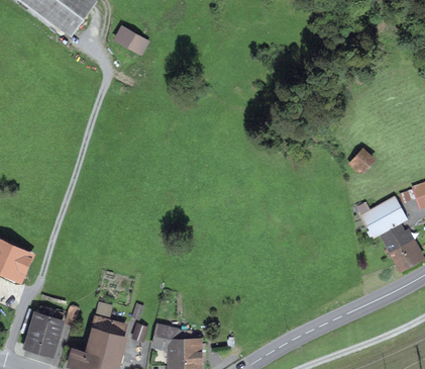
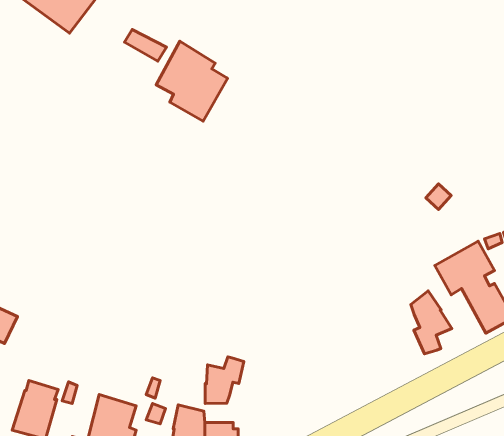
building: none -> [156,41,227,121]
building: none -> [411,291,452,354]
building: none -> [205,357,244,404]

